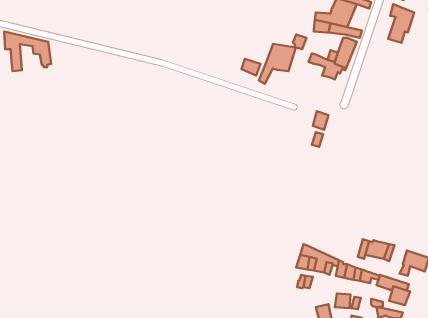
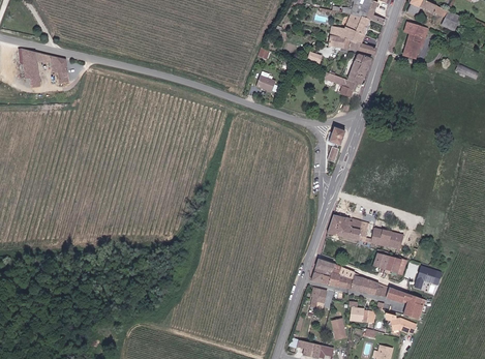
building: [259,44,296,84] -> none
building: none -> [328,214,404,252]

